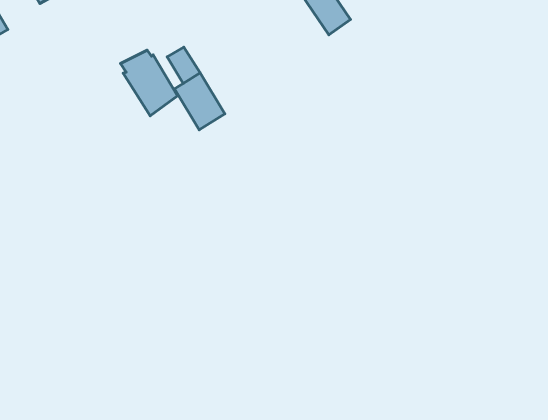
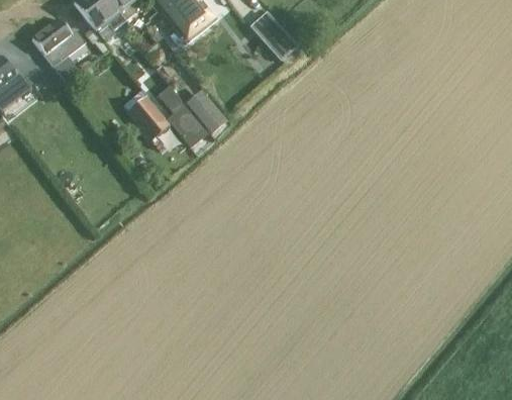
building: none -> [185,90,225,133]

